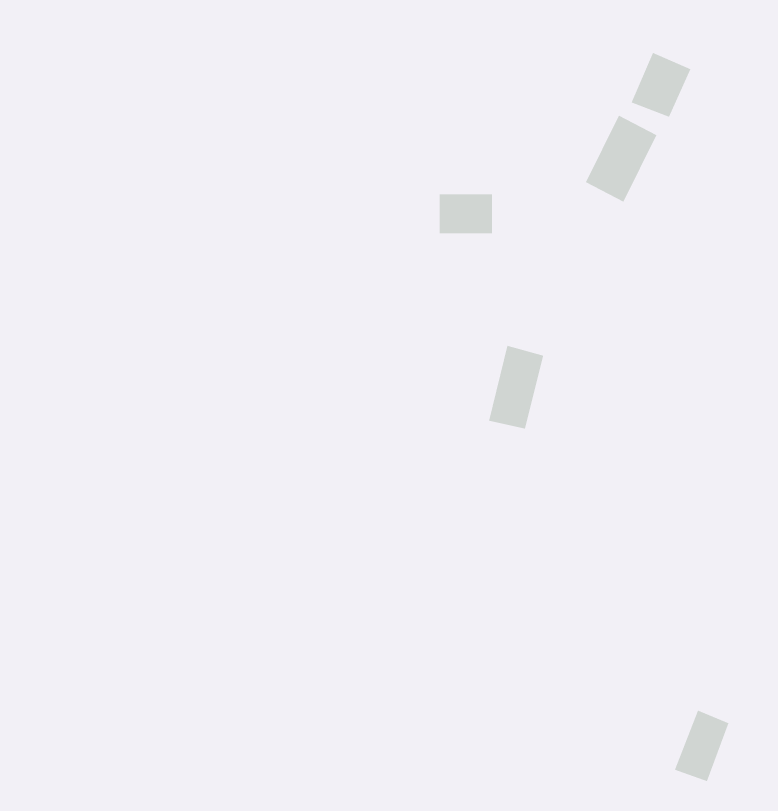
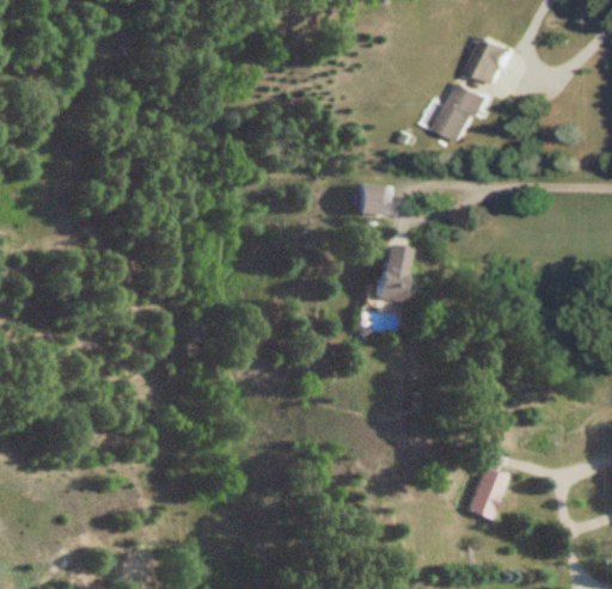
building: [439,194,493,234] -> [355,186,393,215]
building: [674,709,730,782] -> [466,468,506,520]

